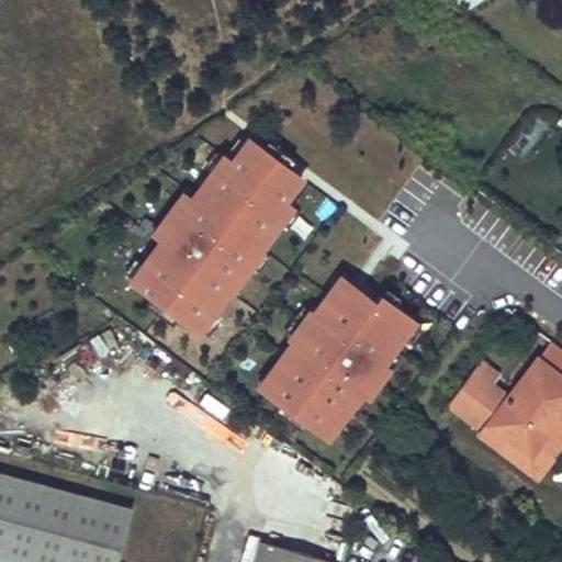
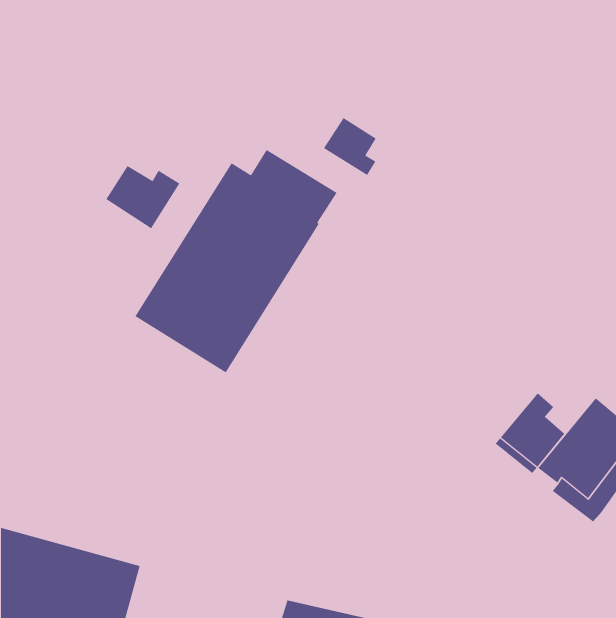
building: none -> [323,117,376,176]
building: none -> [105,165,180,229]
building: [252,269,418,447] -> none

